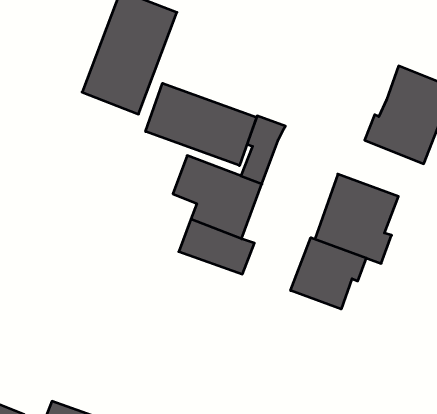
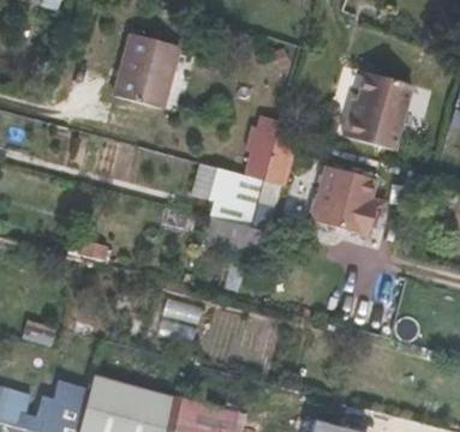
building: [146,83,256,166] -> none
building: [291,238,366,309] -> none

